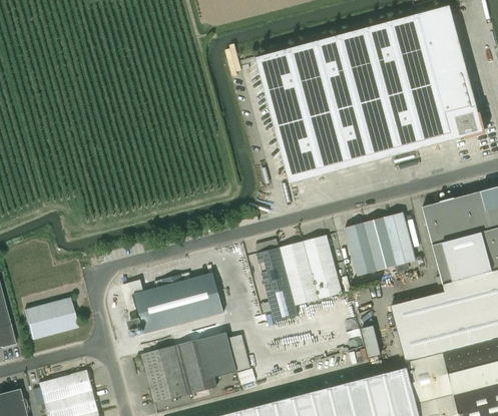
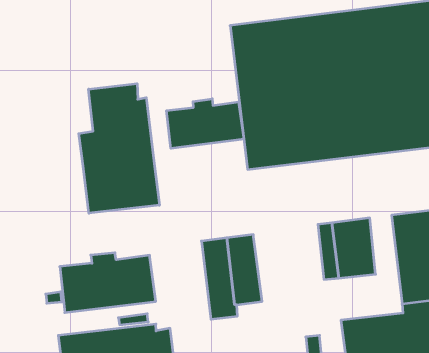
building: none -> [79,84,159,213]
building: none -> [167,99,244,148]
building: [344,225,370,277] -> none
building: [302,236,342,300] -> none

